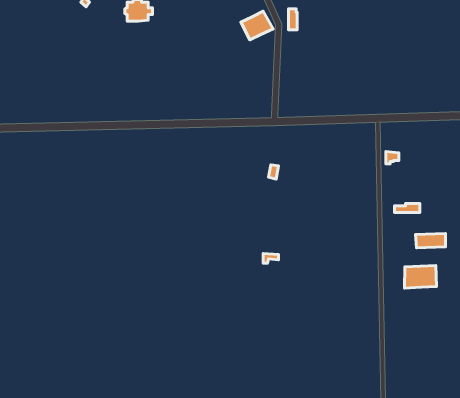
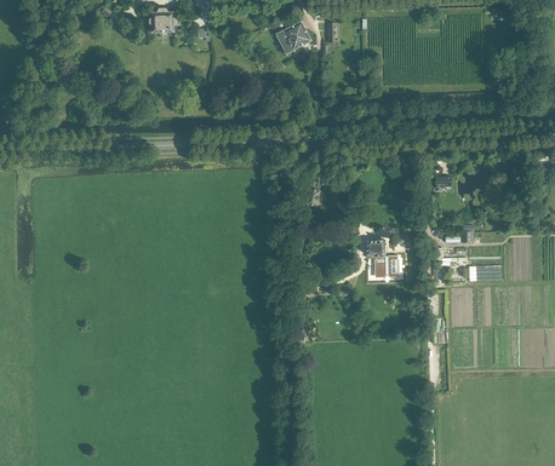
building: none -> [365,238,397,276]
building: [405,266,437,288] -> none

